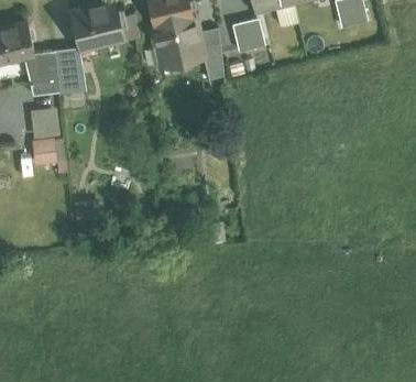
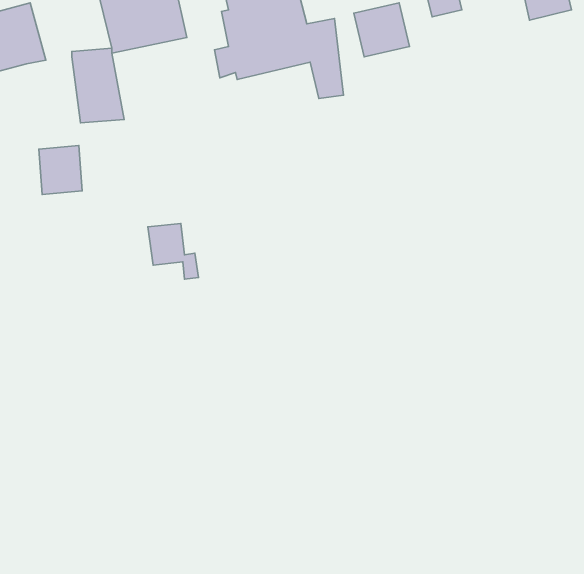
building: [23,52,57,96] -> none
building: [33,141,65,176] -> [148,223,198,279]

